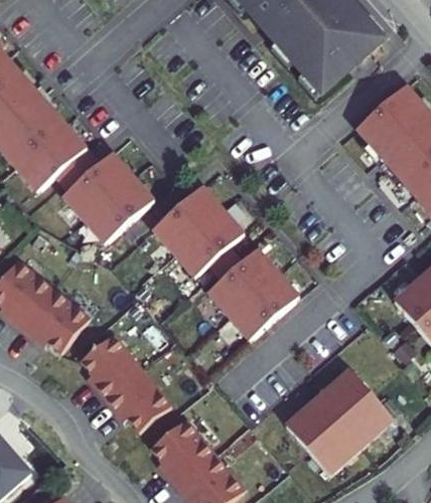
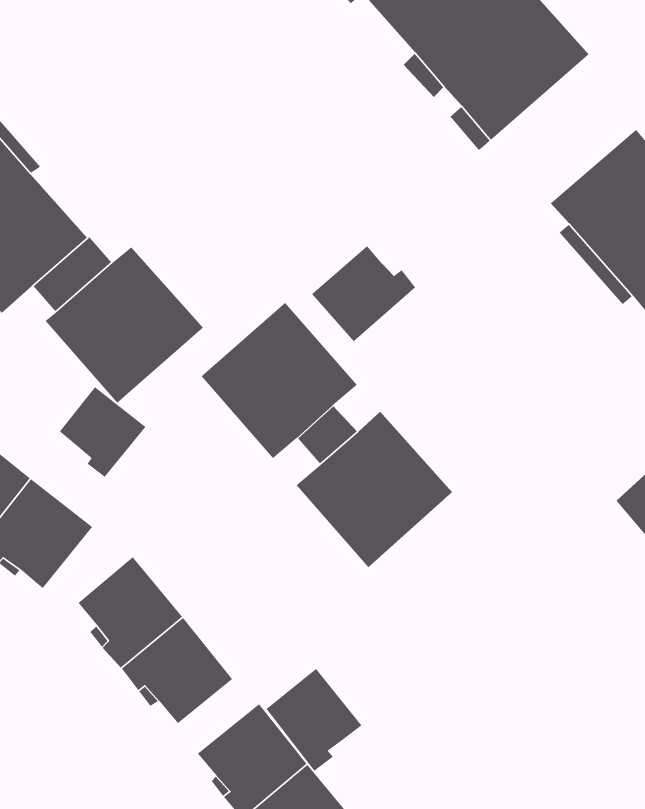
building: none -> [311,245,416,342]
building: none -> [59,386,147,478]
building: [286,369,394,475] -> none
building: none -> [265,668,363,772]

